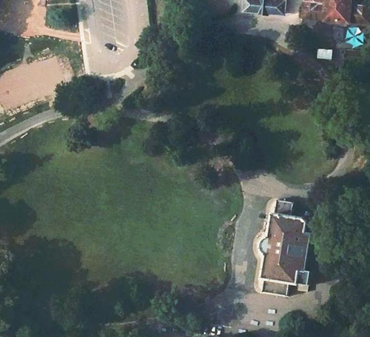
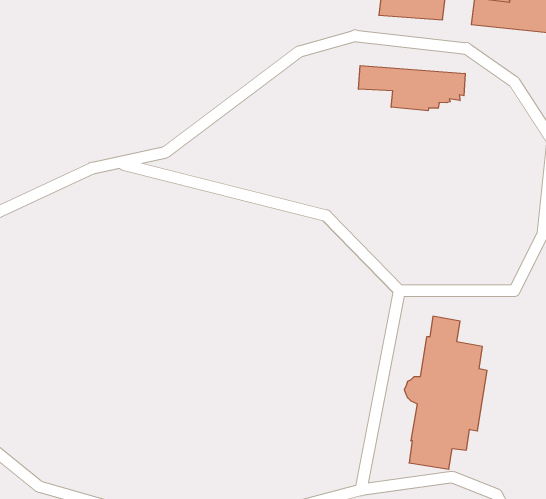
building: none -> [359,66,465,111]

